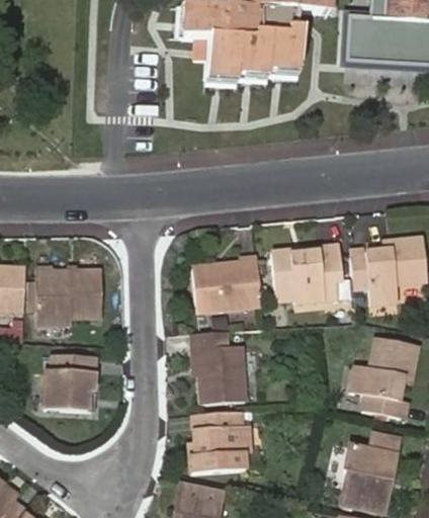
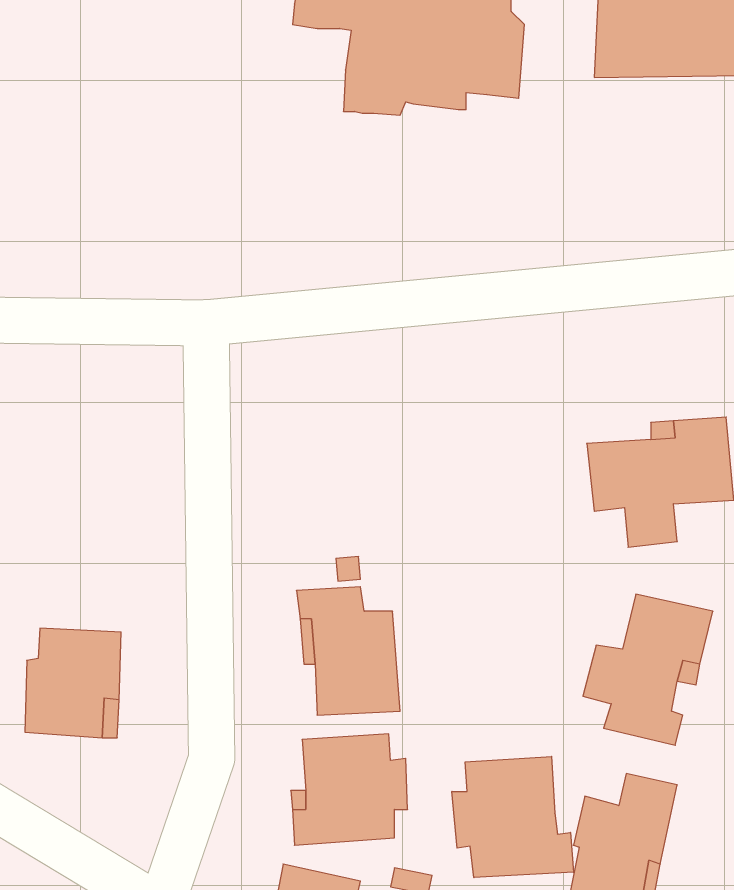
building: [268,247,339,305] -> none
building: [189,260,258,312] -> none
building: [37,270,102,323] -> none
building: none -> [452,756,573,878]

